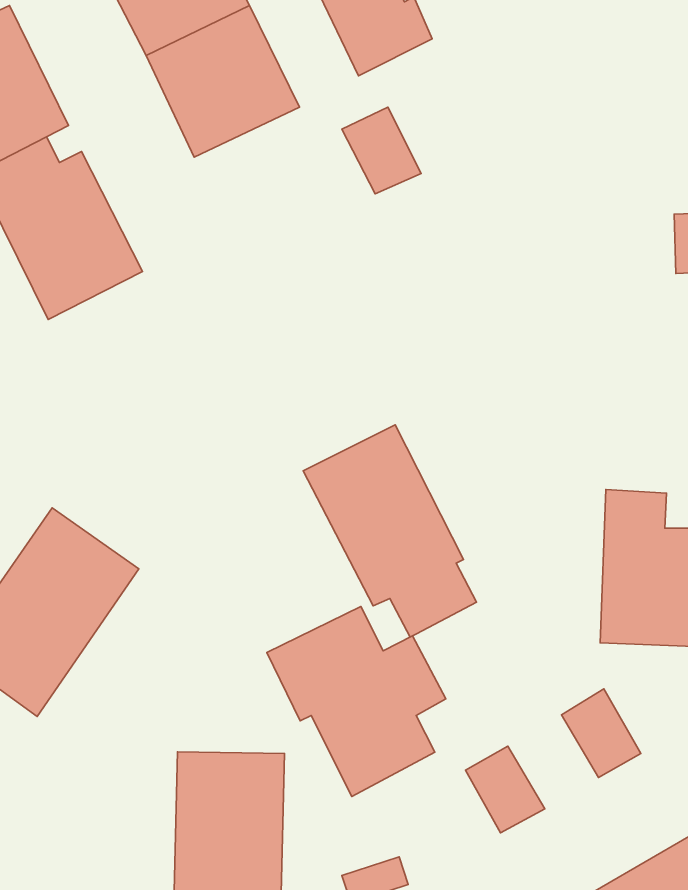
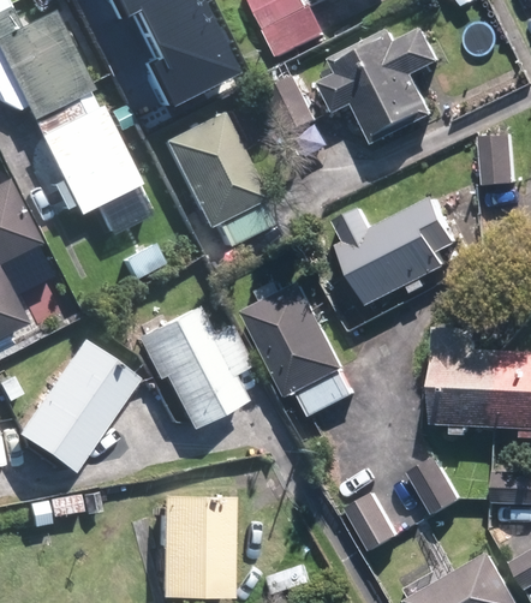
building: none -> [322,25,443,144]
building: none -> [161,111,269,245]
building: none -> [336,199,459,306]
building: [267,606,446,797] -> [135,304,251,428]

